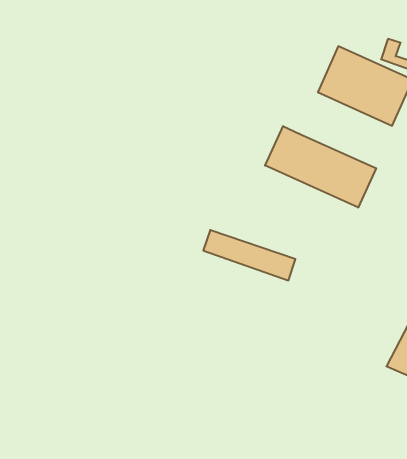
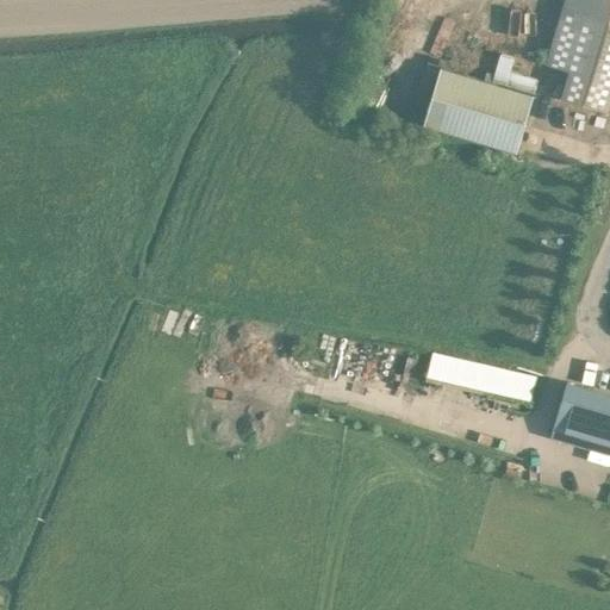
building: [265,126,376,208] -> none
building: [203,230,295,280] -> [425,354,535,400]

